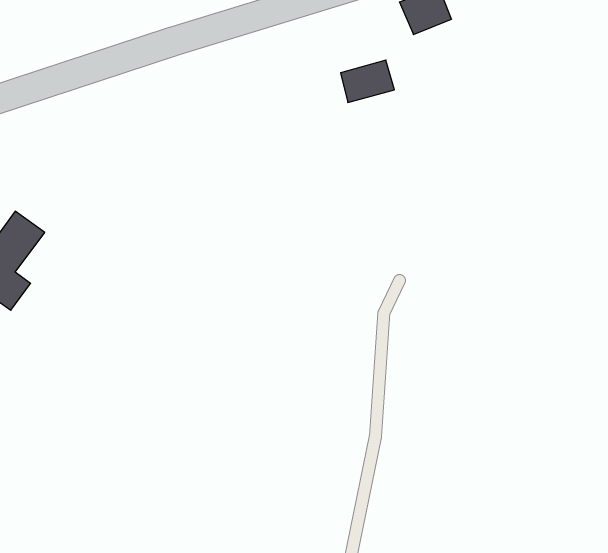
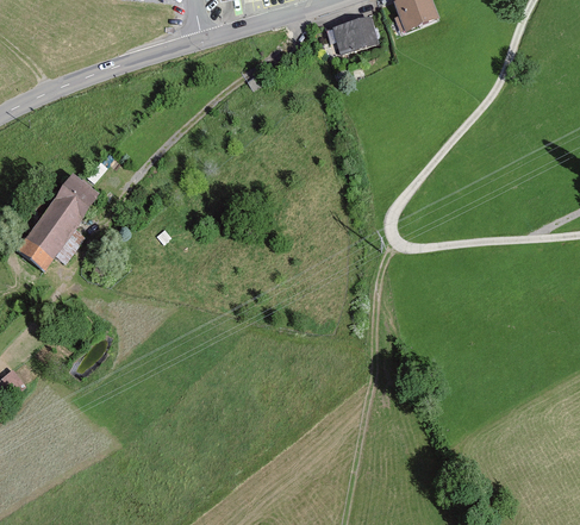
building: [341,60,394,102] -> [333,19,379,55]

